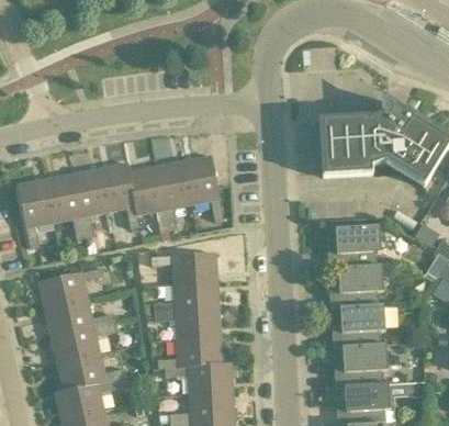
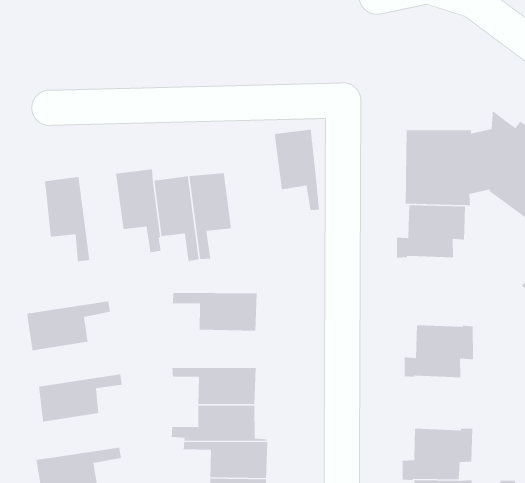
building: [182,156,222,218] -> [274,129,320,211]
building: [71,168,108,236] -> none
building: [16,178,53,247] -> none
building: [327,225,380,269] -> [396,205,466,258]
building: [153,281,217,313] -> none
building: [45,299,114,335] -> none
building: [332,303,385,347] -> none
building: [57,352,126,389] -> none

